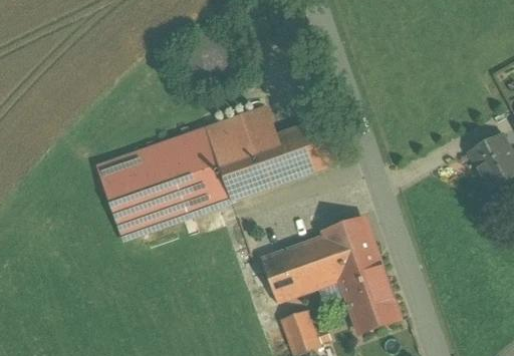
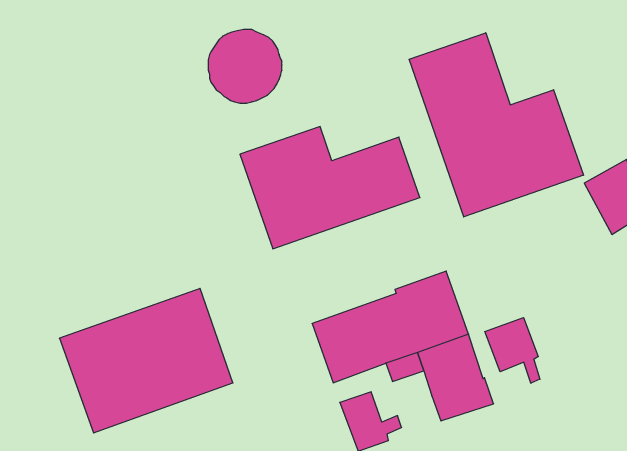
building: none -> [409,33,584,217]
building: [98,127,231,238] -> [59,288,233,433]
building: none -> [485,318,540,383]

